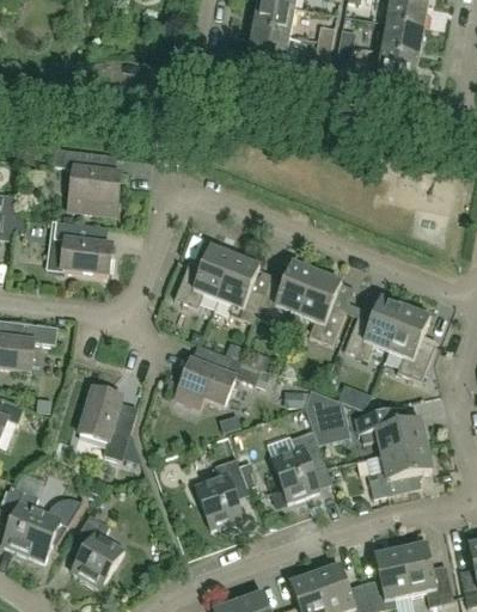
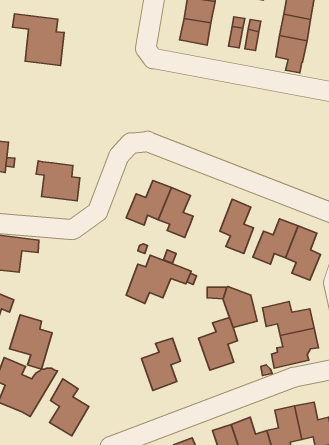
building: [51,146,121,215] -> [13,14,64,66]
building: [256,261,317,323] -> none
building: [79,386,136,459] -> [10,315,52,369]

